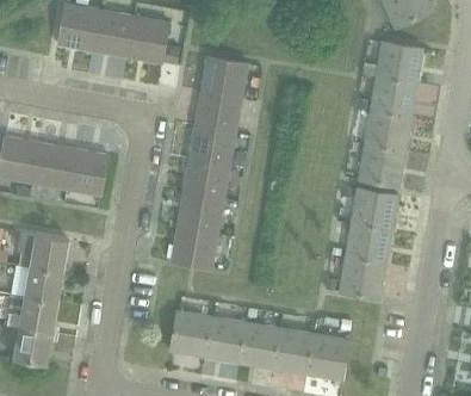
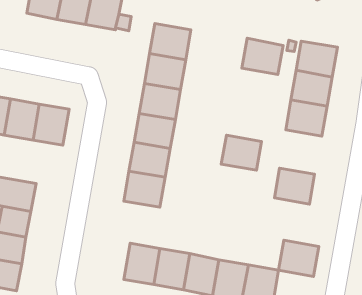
building: [376,42,423,83] -> [242,38,283,74]
building: [351,190,397,230] -> [221,135,262,170]
building: [339,258,385,299] -> [279,240,319,276]

